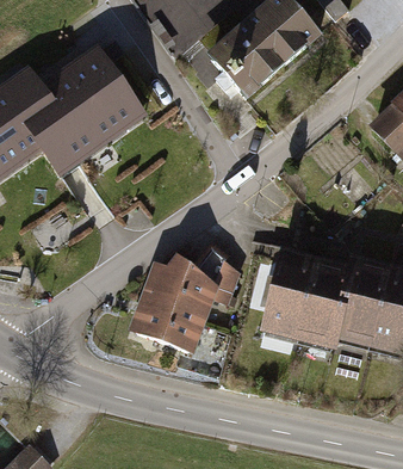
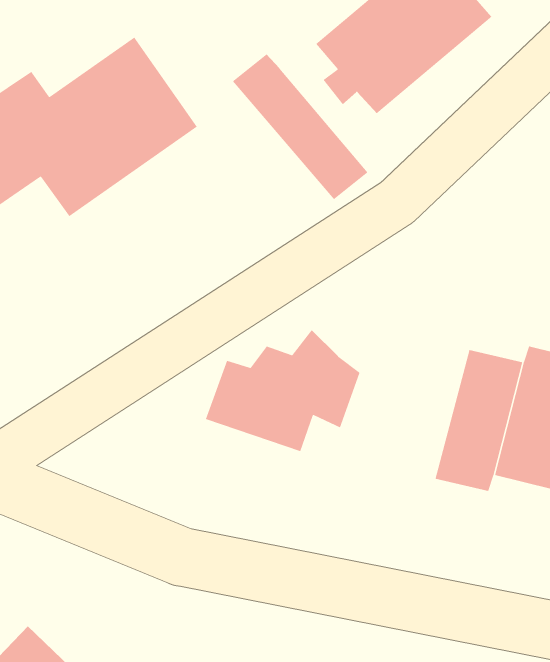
building: none -> [232,54,368,200]
building: [255,246,312,341] -> none
building: [128,302,202,356] -> none

